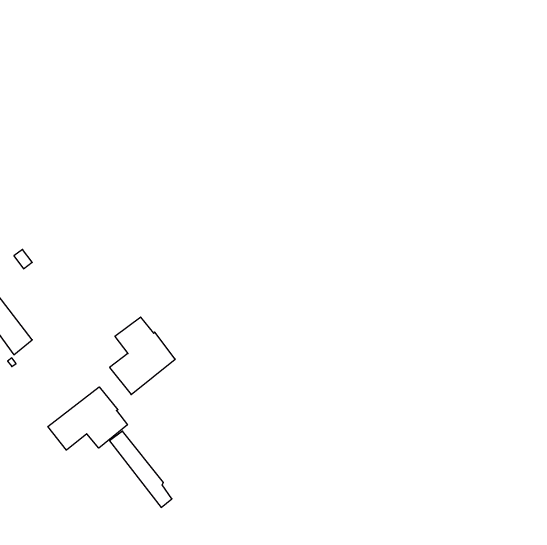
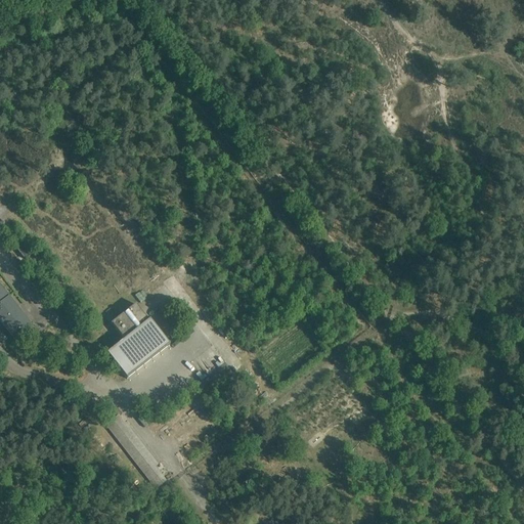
building: [48,387,127,450] -> none

